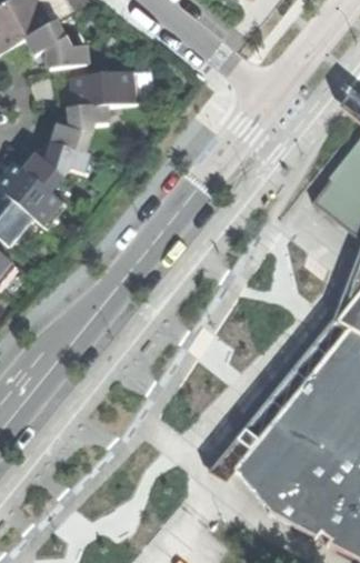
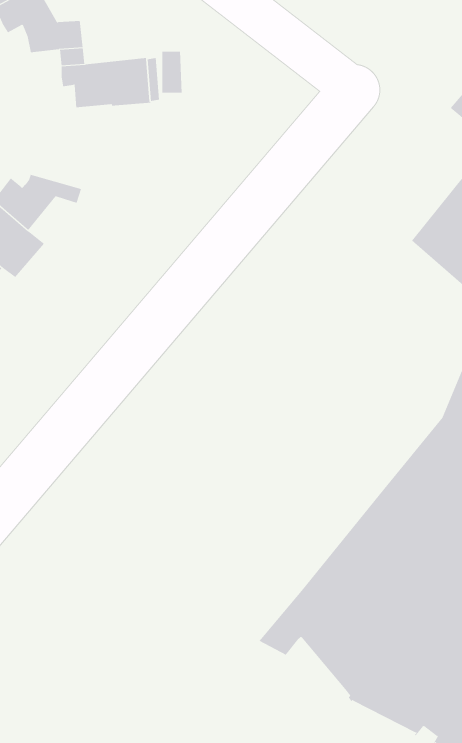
building: [51,105,108,163] -> none

